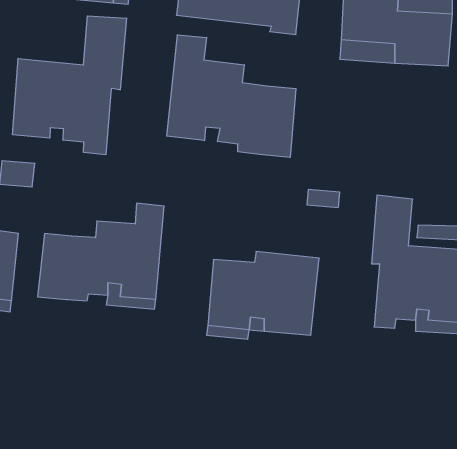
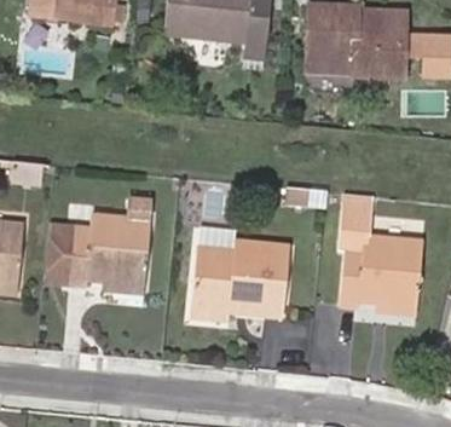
building: [13,16,126,155] -> none
building: [167,35,296,157] -> none

